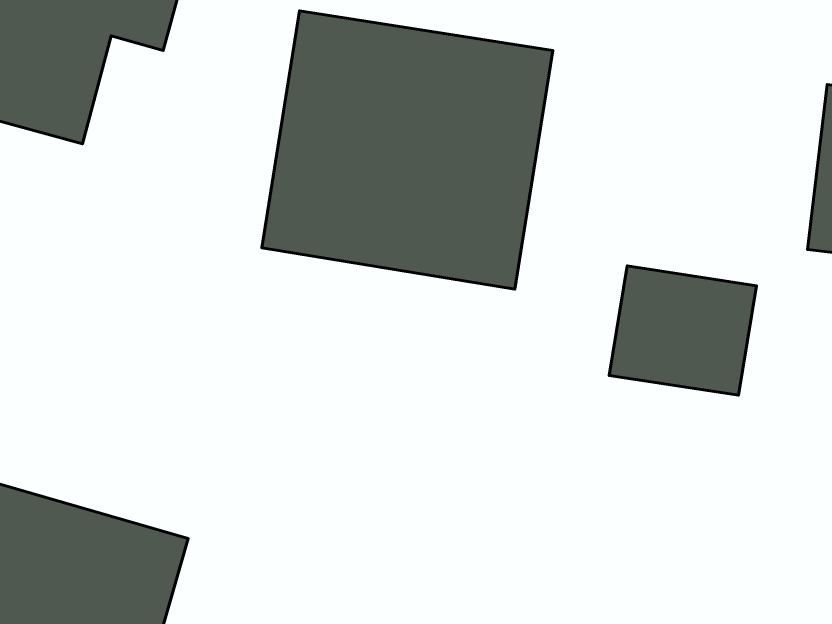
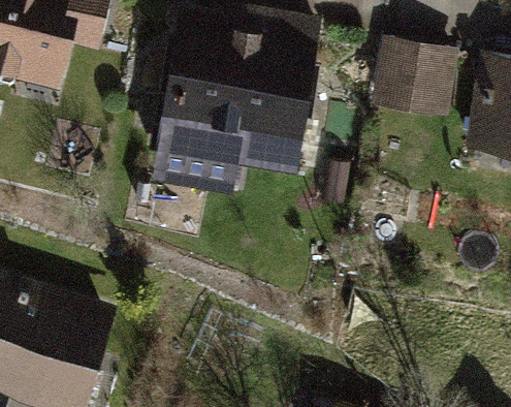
building: [609,266,756,395] -> [374,44,458,119]

